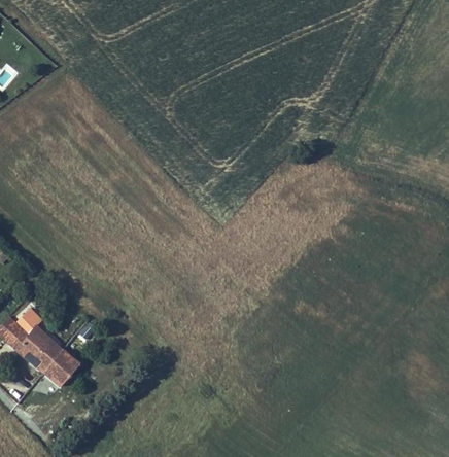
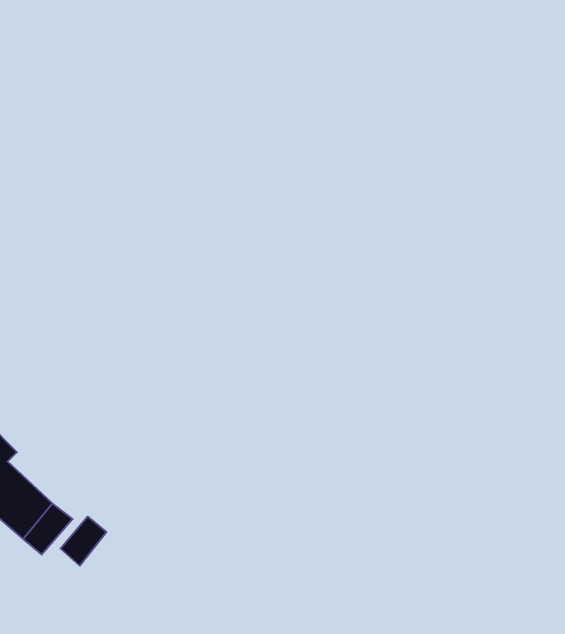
building: none -> [61,517,106,566]

